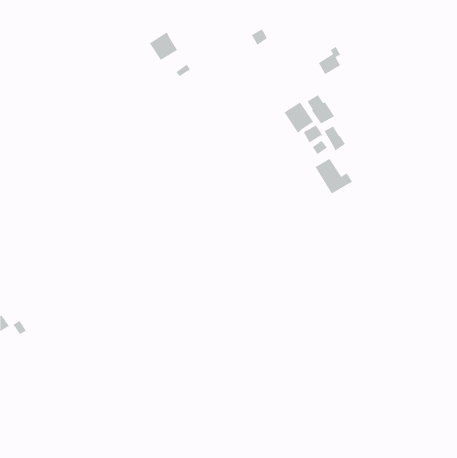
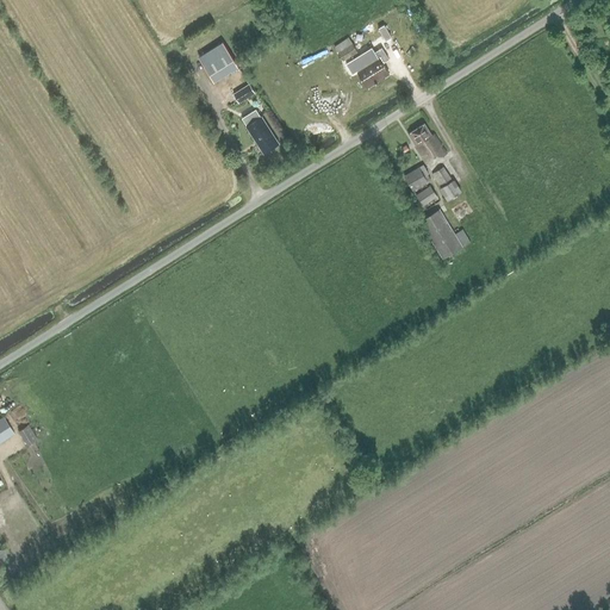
building: [318,46,341,75] -> [356,48,387,87]
building: none -> [241,110,278,152]
building: [284,101,314,133] -> none

